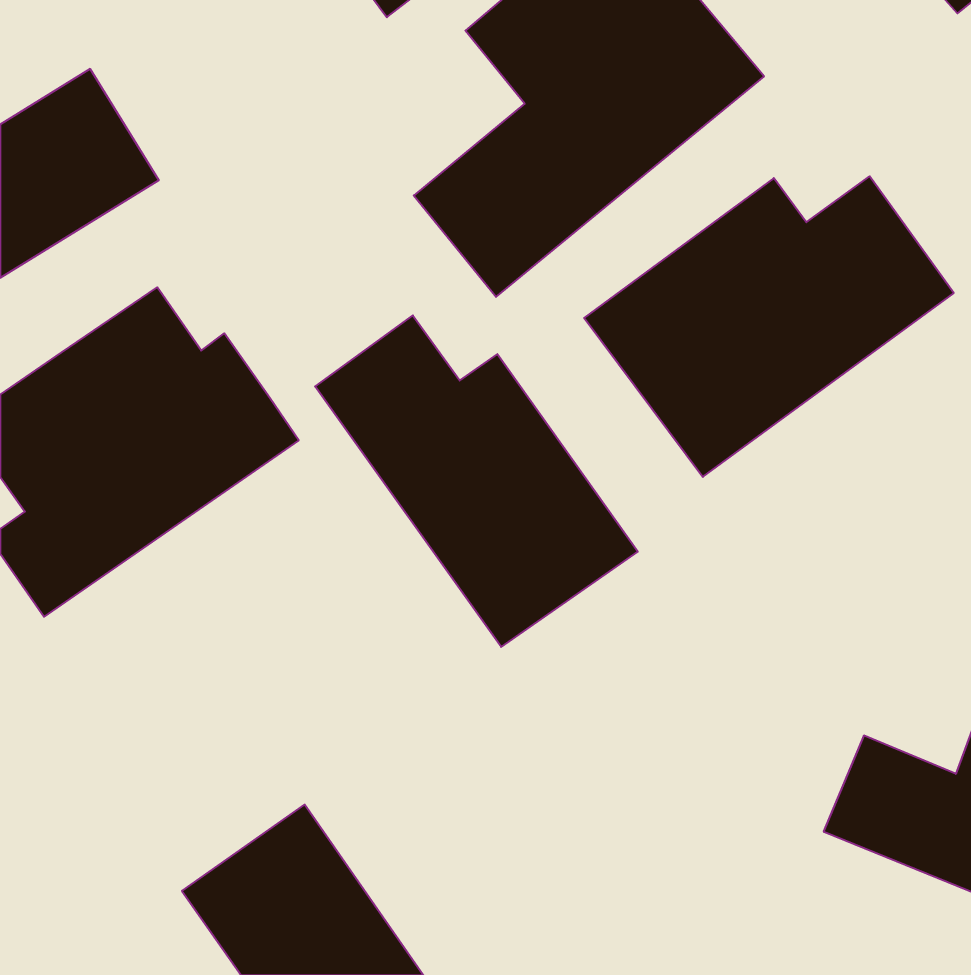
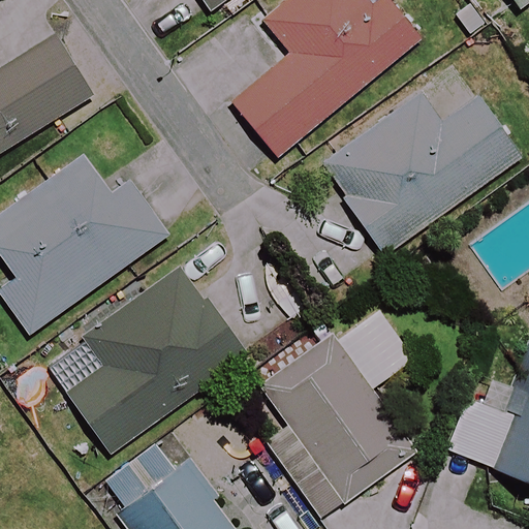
building: [315,315,638,647] -> none
building: none -> [68,263,244,453]
building: none -> [266,305,417,519]

